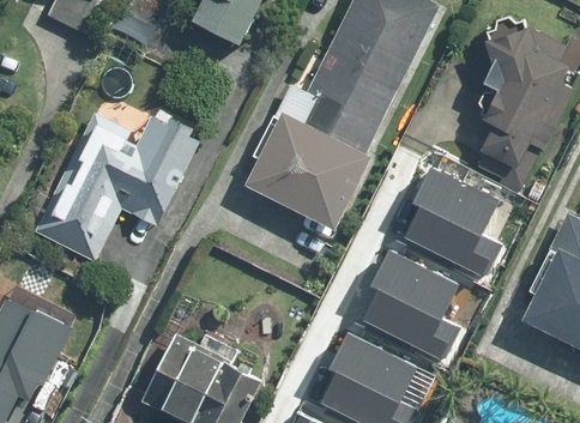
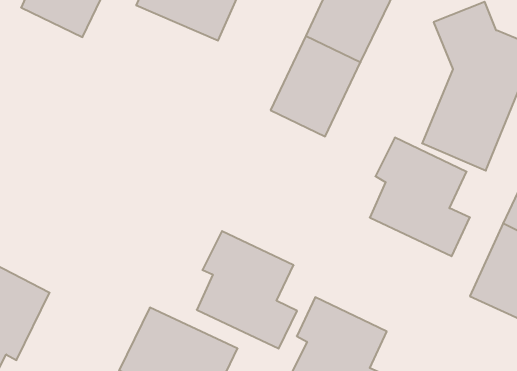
building: [240,115,358,225] -> none
building: [41,116,188,267] -> none
building: [363,243,469,367] -> [197,231,297,349]

